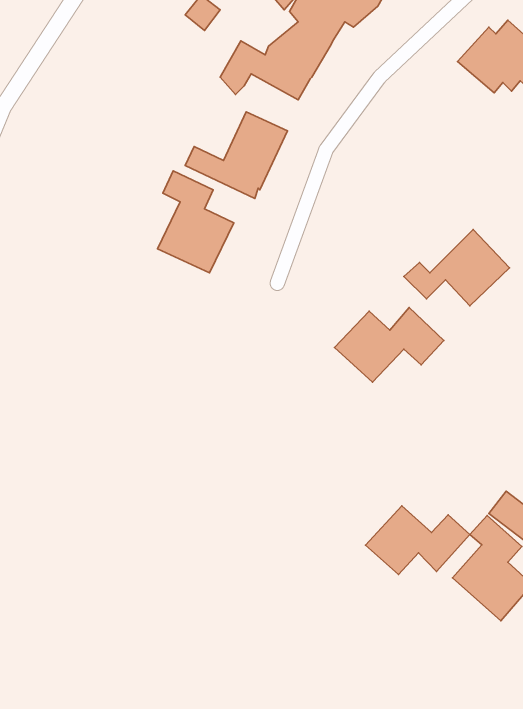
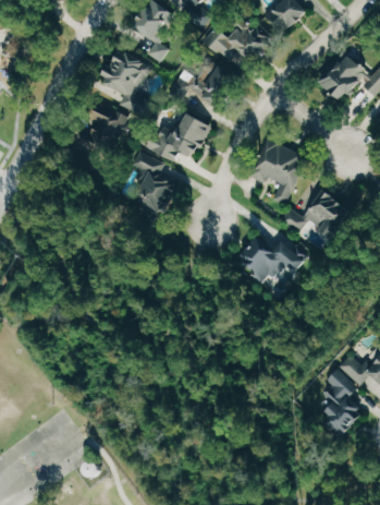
building: none -> [100,49,149,99]
building: none -> [85,103,130,152]
building: none -> [249,139,307,205]
building: [365,506,470,575] -> none

